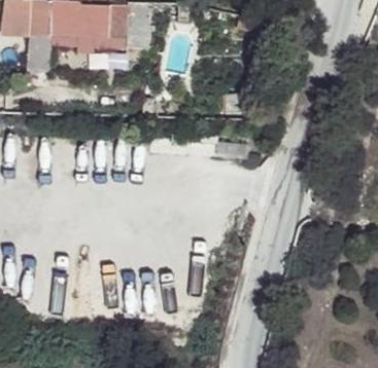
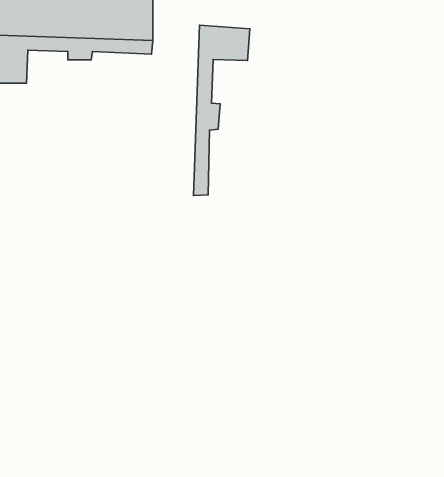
building: none -> [194,25,250,195]

